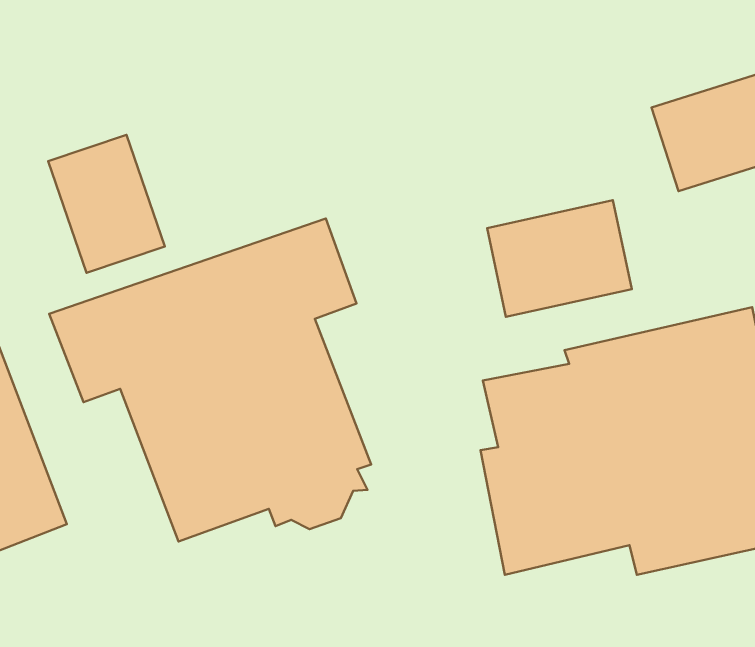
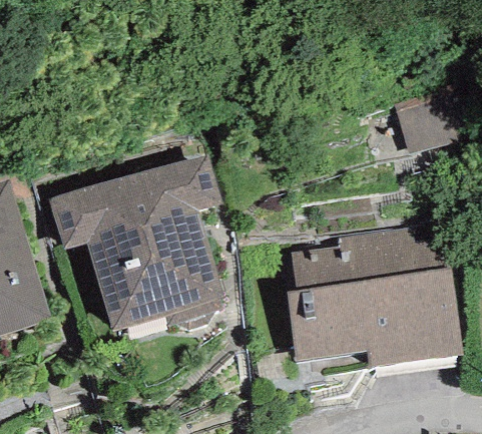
building: [48,135,165,273] -> none
building: [487,200,632,317] -> none

